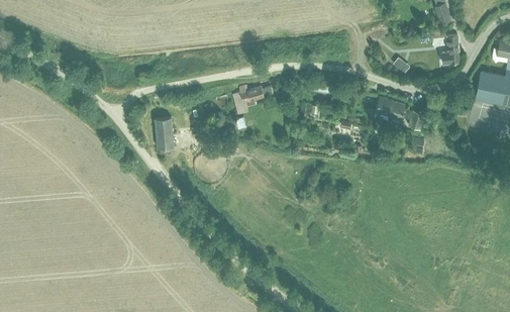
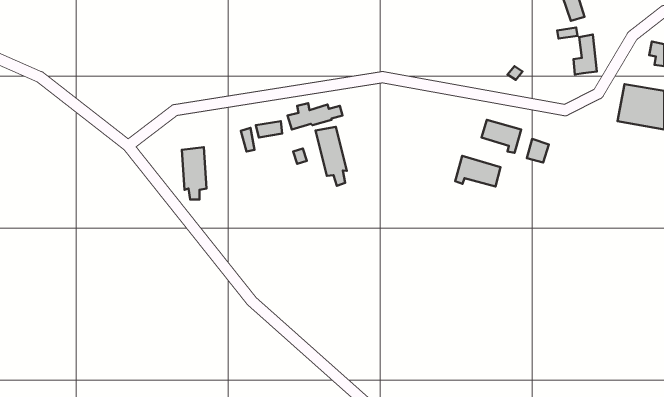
building: none -> [315,127,347,186]
building: none -> [455,156,501,187]

